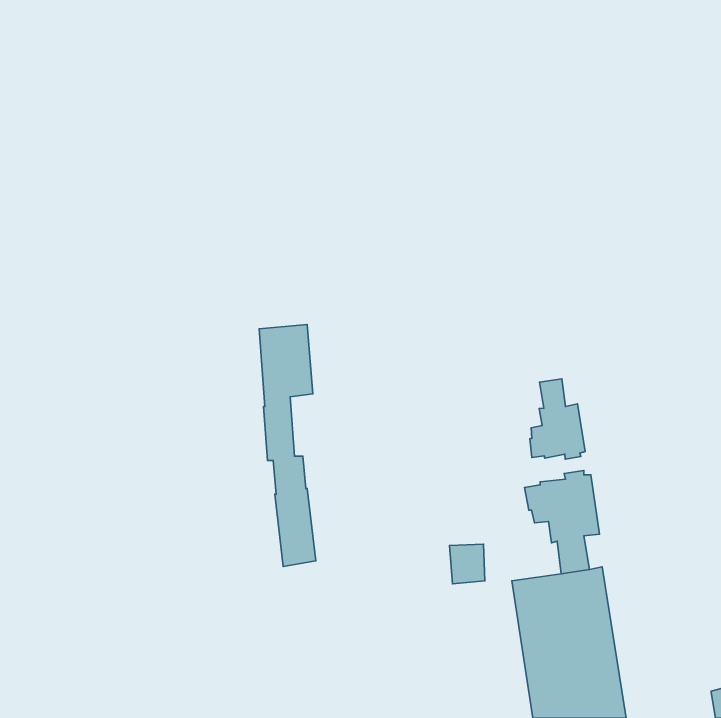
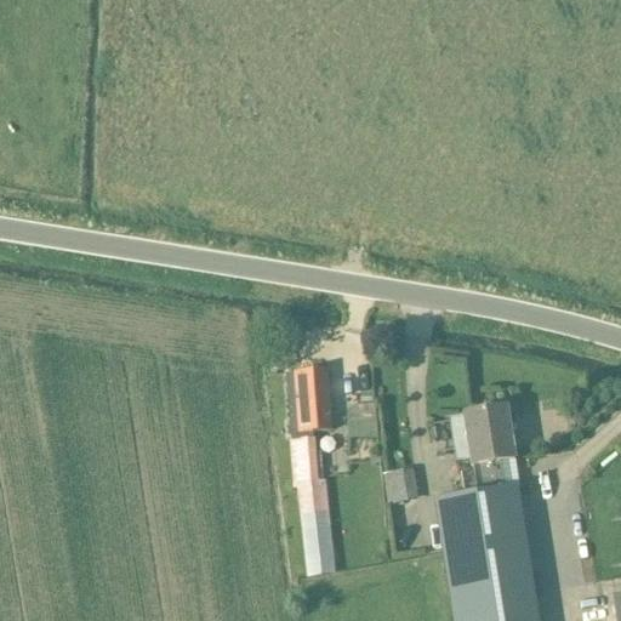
building: [259,325,316,566] -> [287,369,336,576]
building: [530,379,585,459] -> none

